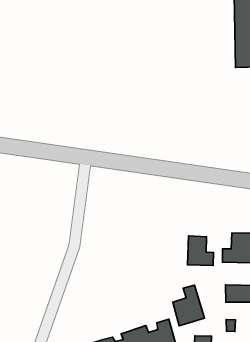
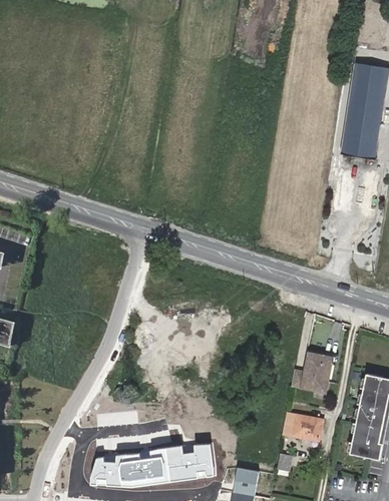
building: [188,236,213,265] -> none
building: [173,285,204,326] -> none

